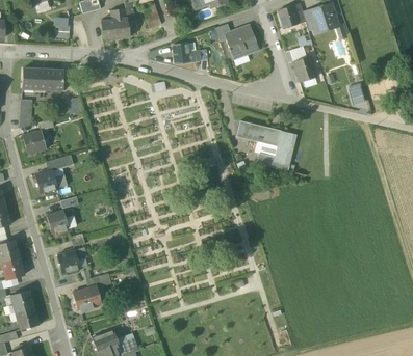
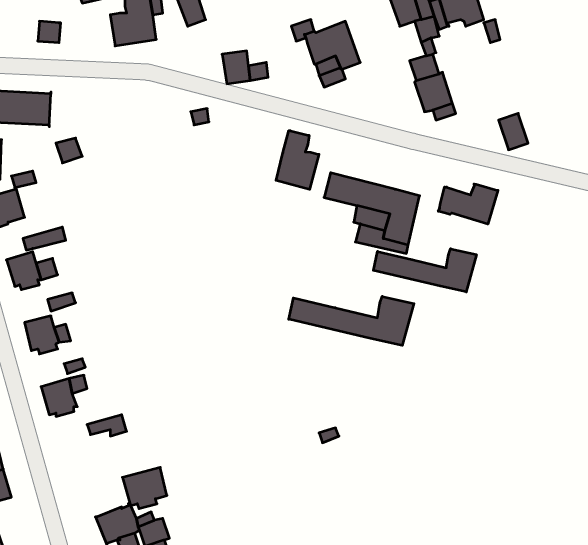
building: none -> [276,131,319,189]
building: none -> [438,184,498,224]
building: none -> [373,249,476,292]
building: none -> [289,296,414,345]
building: [72,285,100,311] -> [122,467,167,509]

